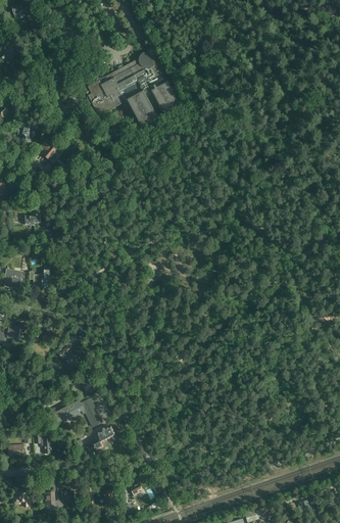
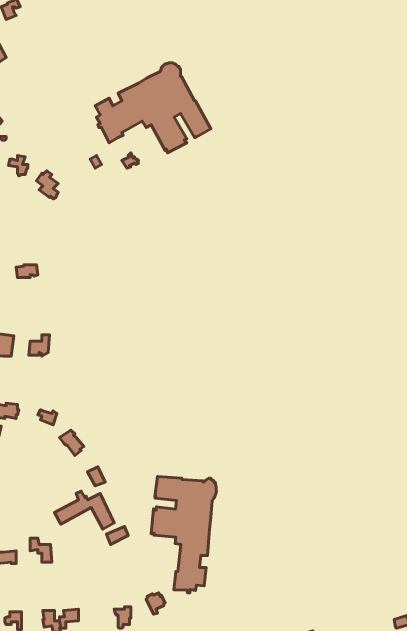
building: none -> [151,476,216,593]

